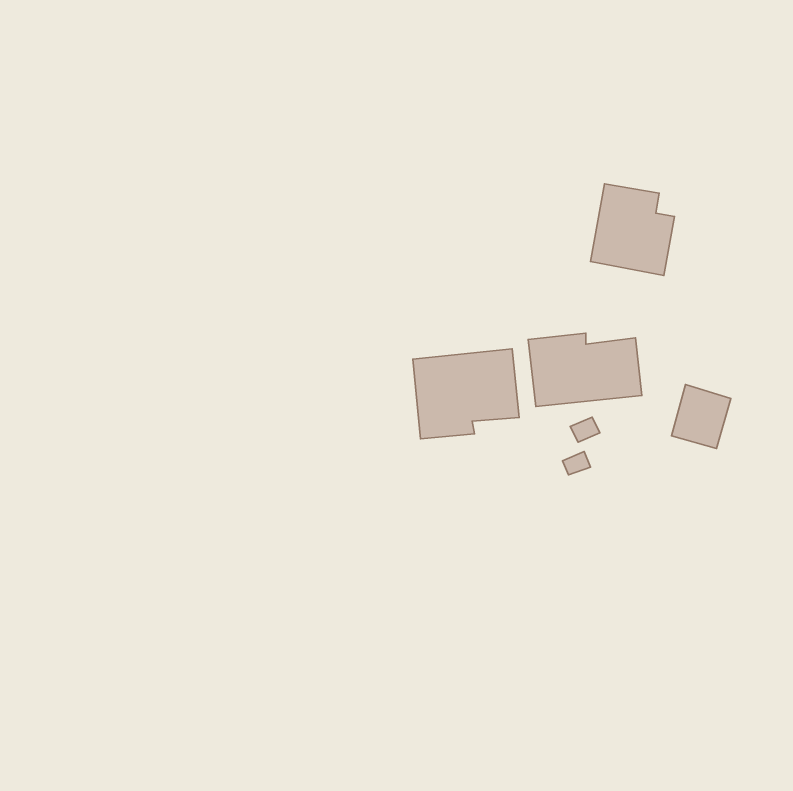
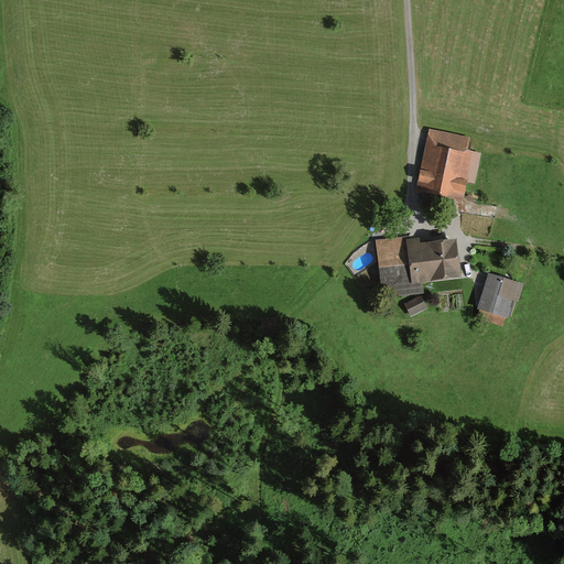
building: [413,349,519,439] -> none

